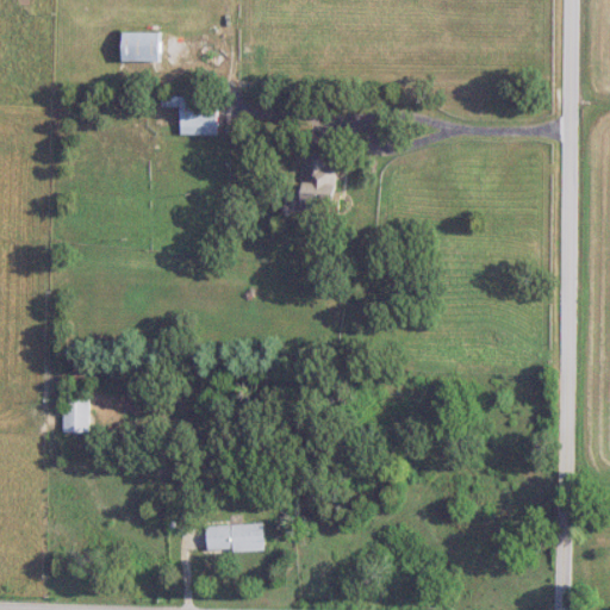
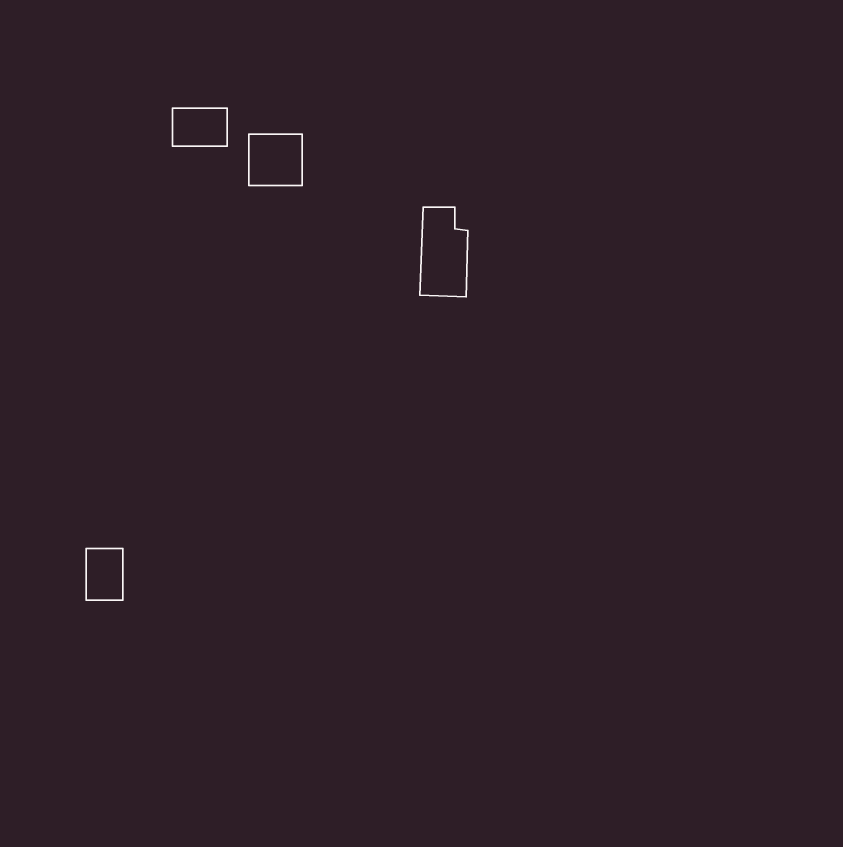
building: [122,33,161,61] -> [173,108,227,146]
building: [205,524,263,553] -> none

